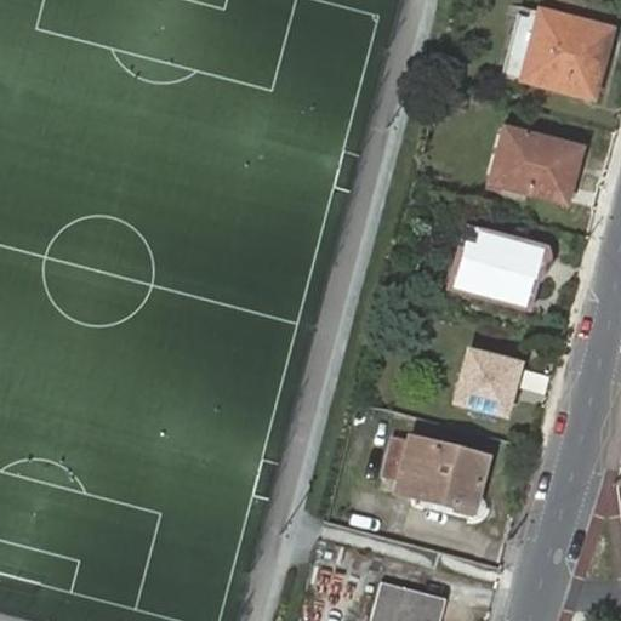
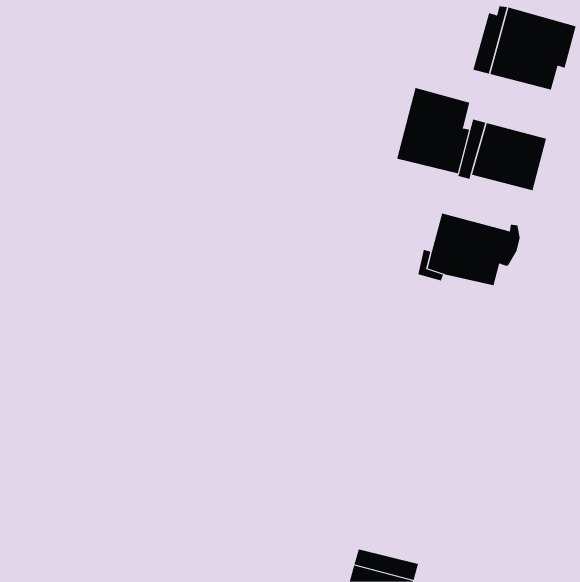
building: none -> [396,87,470,174]
building: [457,352,523,414] -> none
building: [383,434,485,511] -> none

